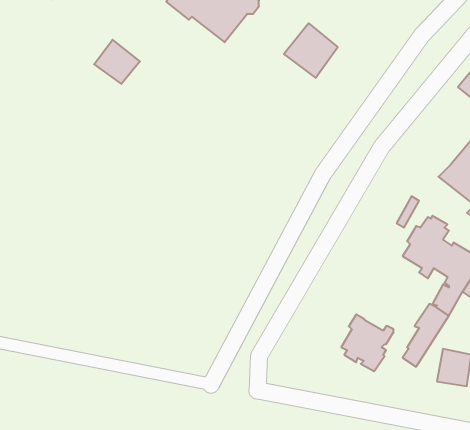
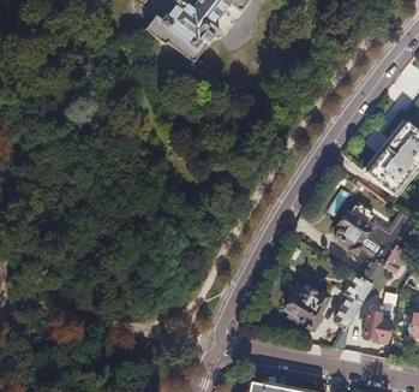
building: [284,23,338,78] -> none
building: [94,40,140,84] -> none

